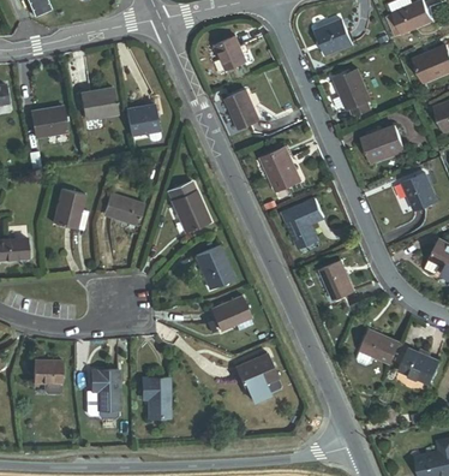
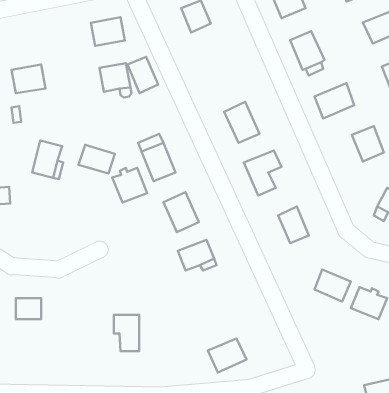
building: [80,89,118,120] -> [91,17,125,46]
building: [226,90,259,130] -> [127,57,158,93]
building: none -> [112,168,147,203]
building: [235,355,277,392] -> [208,338,247,373]
building: [91,370,118,410] -> none

